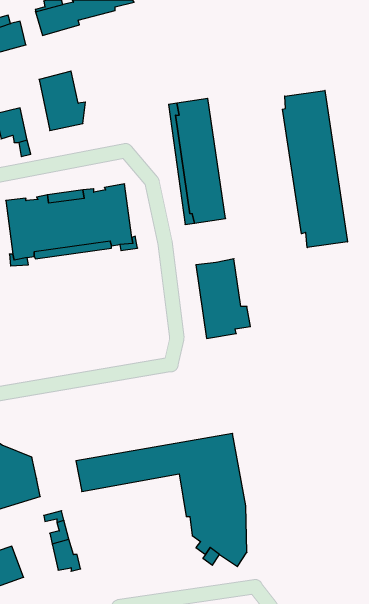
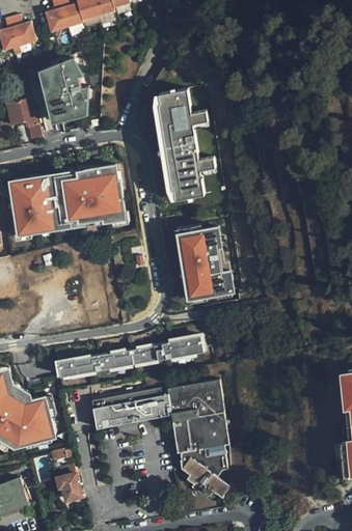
building: none -> [38,72,84,124]
building: [282,90,347,248] -> none
building: none -> [177,226,200,299]
building: none -> [52,338,193,381]

